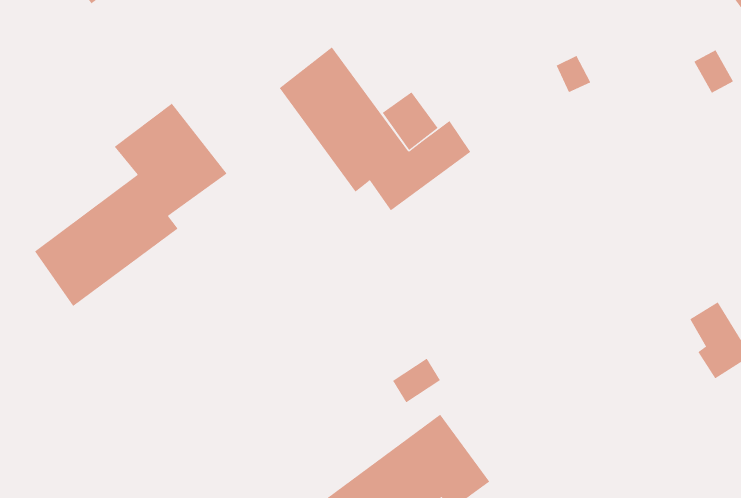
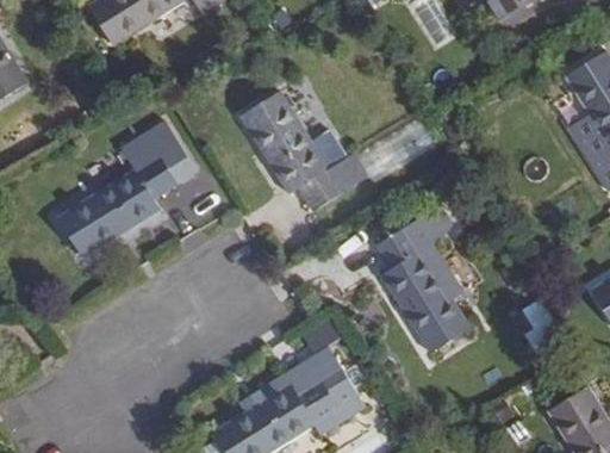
building: none -> [375,211,469,353]

